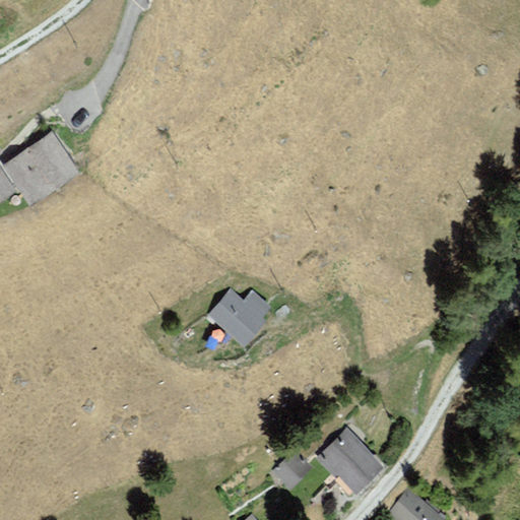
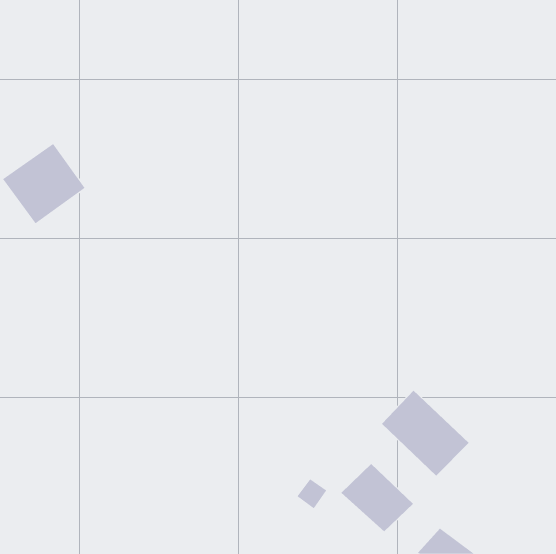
building: [210,289,270,340] -> none
building: none -> [381,390,470,476]

